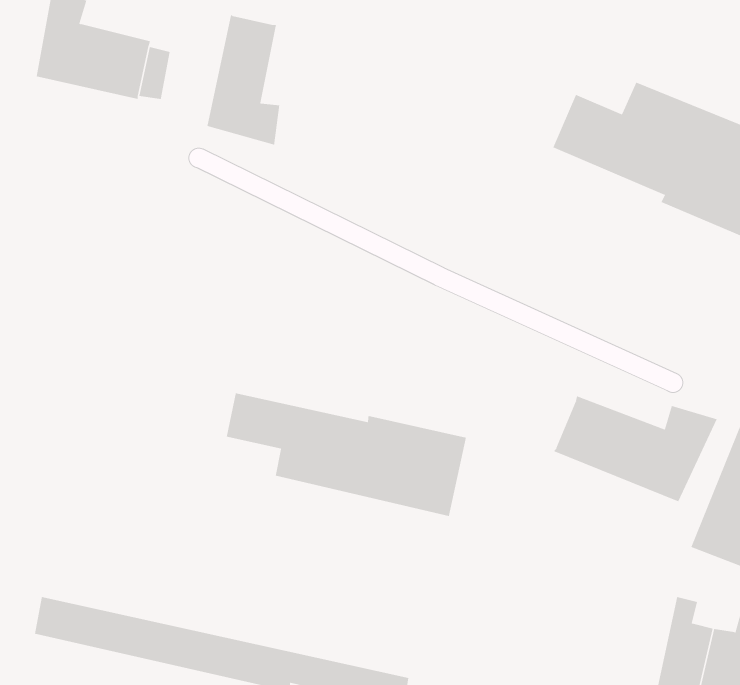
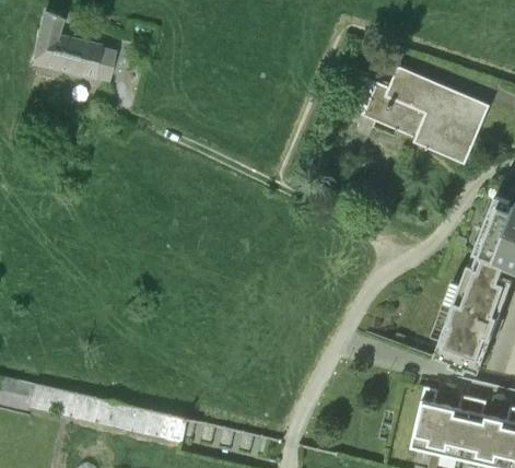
building: [207,14,280,145] -> none
building: [226,393,467,517] -> none
building: [553,395,717,502] -> none

